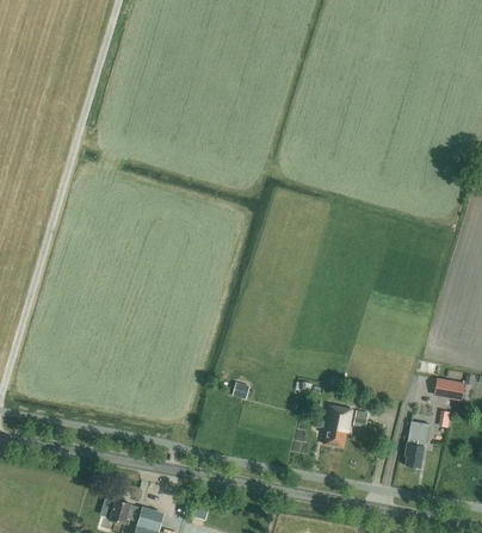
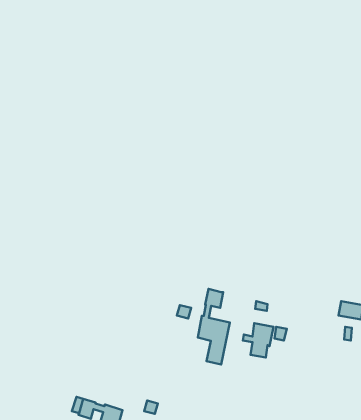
building: none -> [198,289,230,365]
building: [404,422,430,469] -> none

